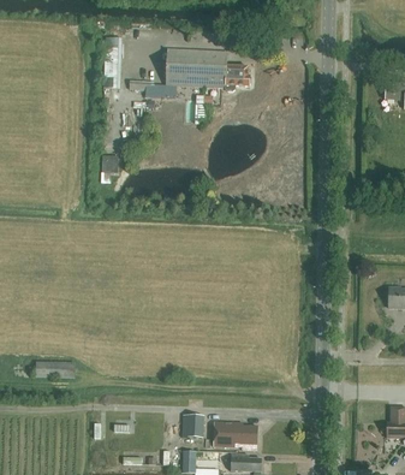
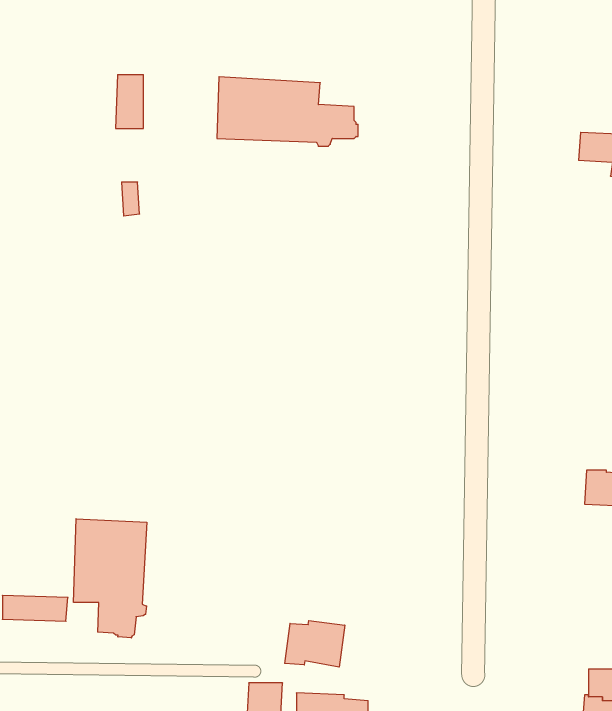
building: none -> [74,519,147,638]
building: none -> [285,621,345,667]

